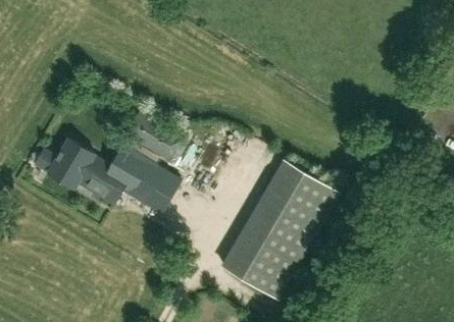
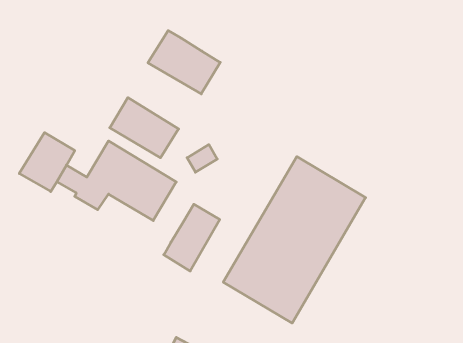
building: none -> [148,31,220,94]
building: none -> [164,204,220,271]

